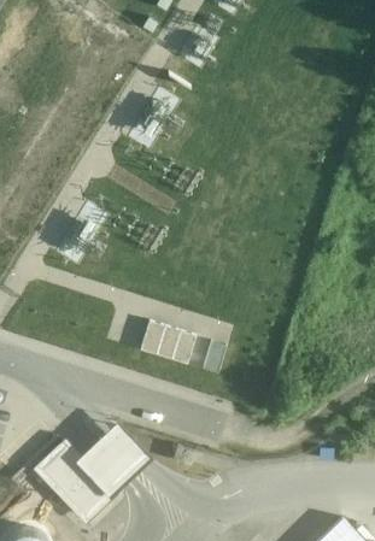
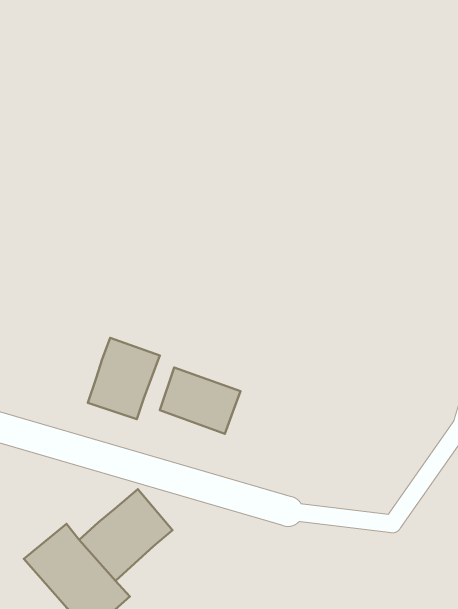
building: none -> [88,338,160,419]

